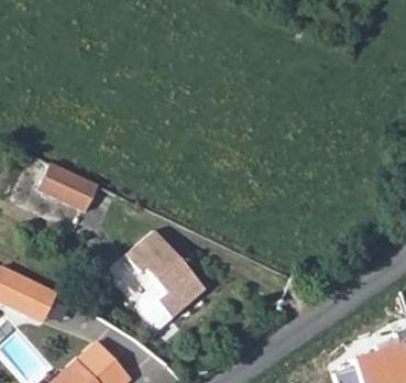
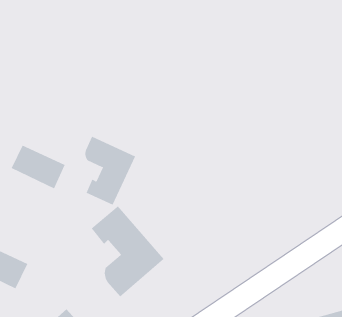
building: none -> [85,136,136,205]

